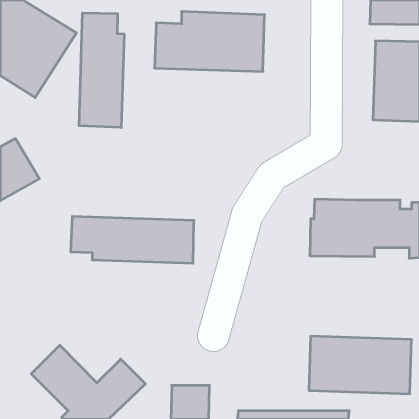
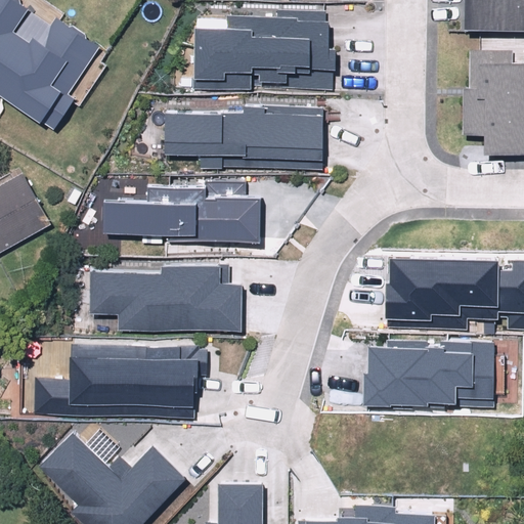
building: [79,13,124,128] -> none
building: none -> [162,112,324,172]
building: none -> [101,187,262,242]
building: none -> [34,343,201,414]
building: [309,336,412,394] -> [364,338,492,409]

